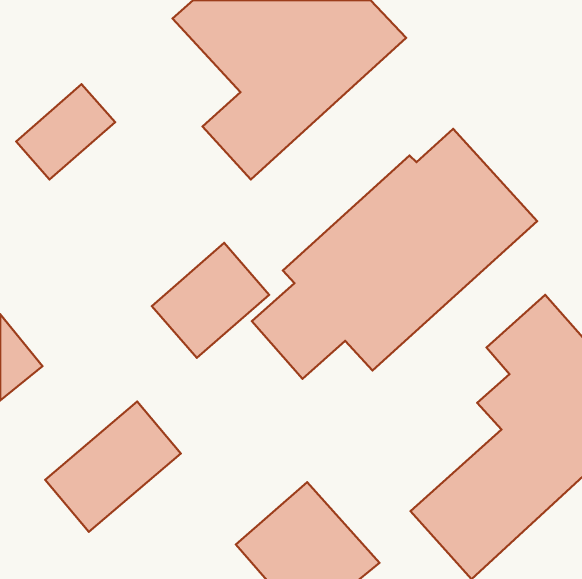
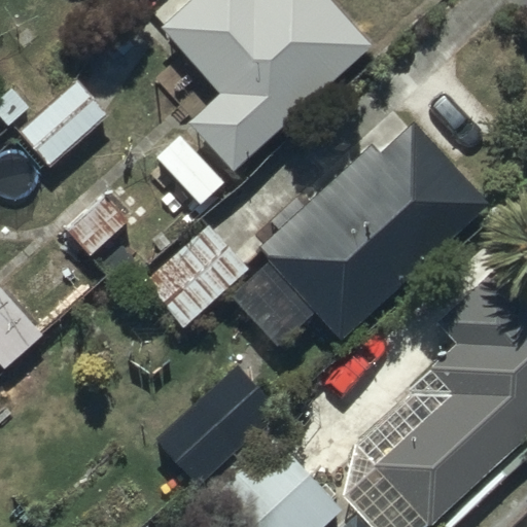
building: [45,402,181,532] -> [155,368,277,485]

